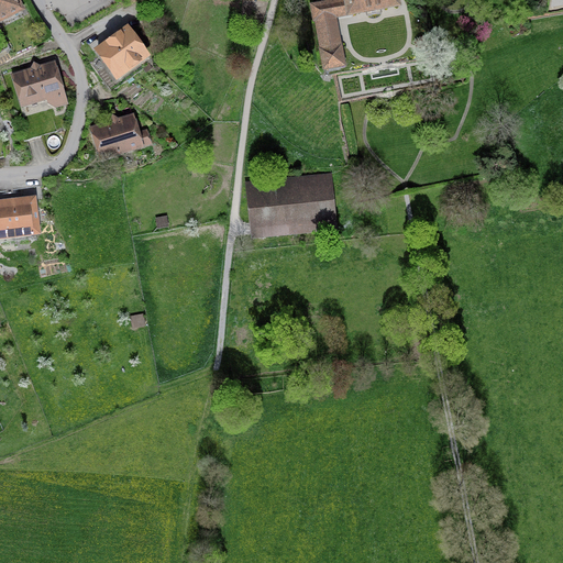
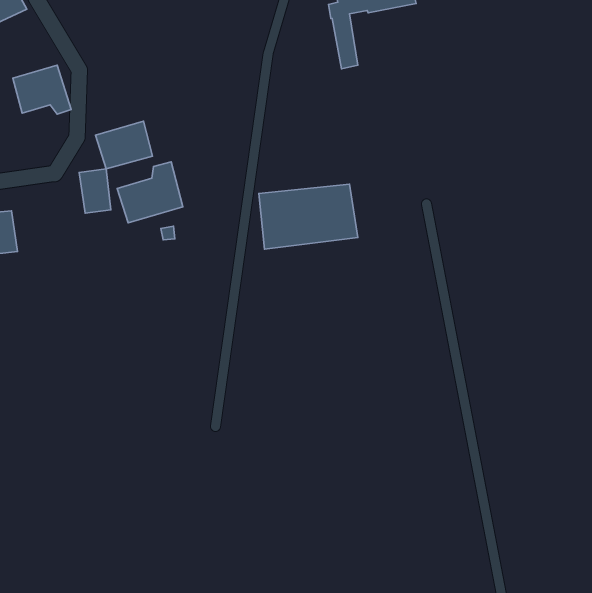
building: [95,22,155,80] -> none
building: none -> [117,162,183,223]
building: [11,196,41,238] -> [79,169,111,213]

